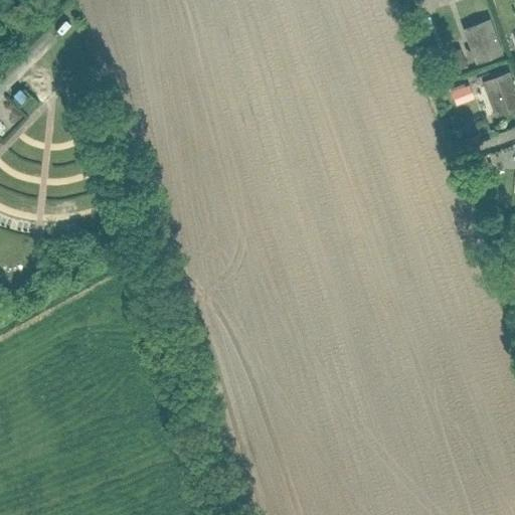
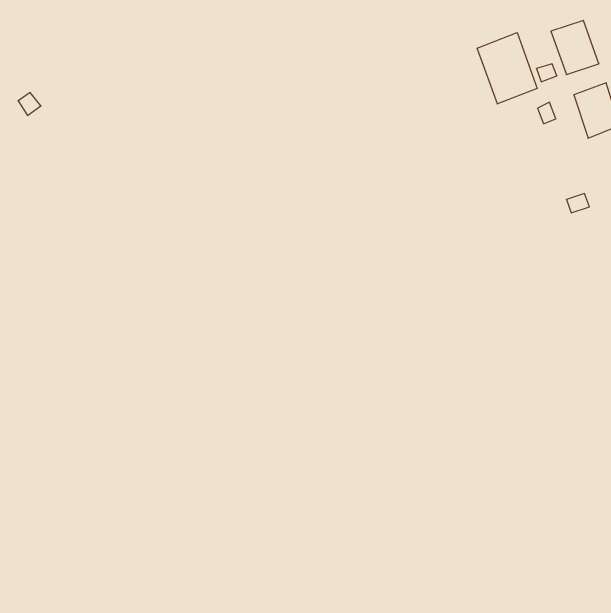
building: none -> [477,33,537,104]

